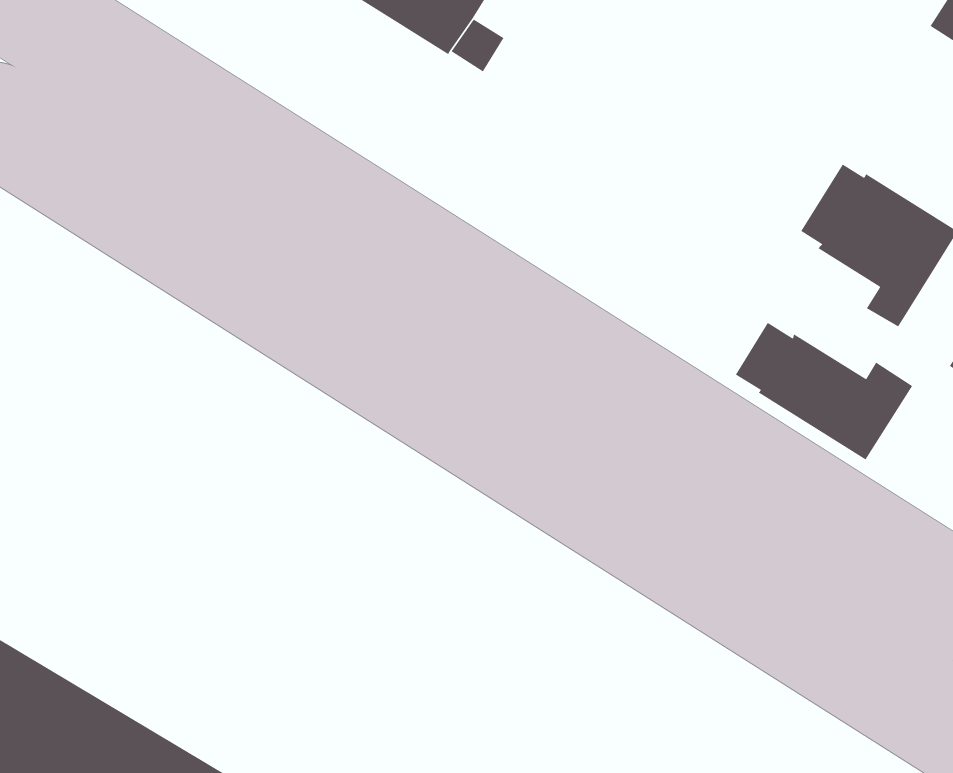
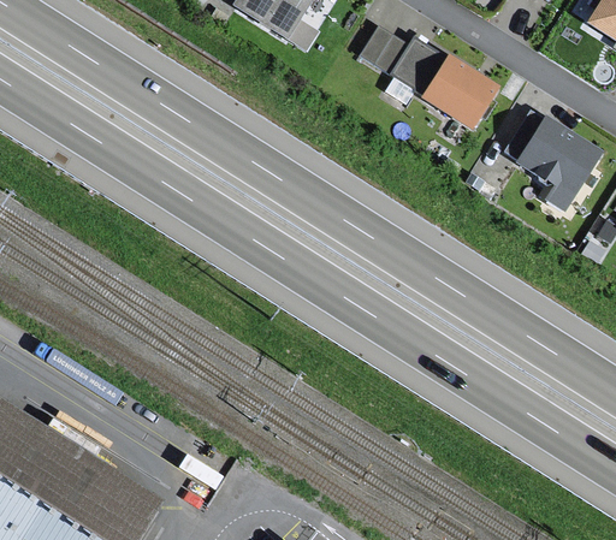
building: none -> [357,24,498,131]
building: [735,322,913,461] -> none

